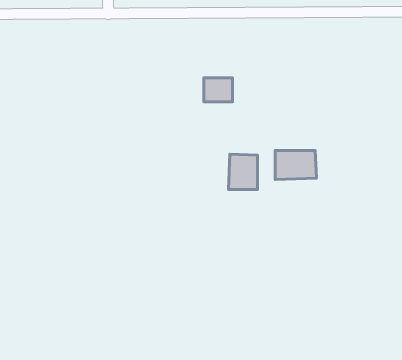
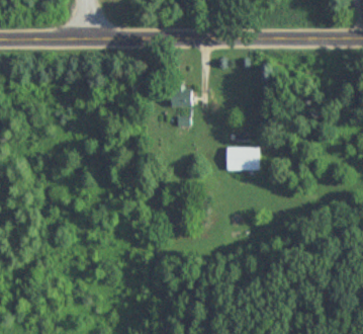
building: [229,154,258,190] -> none

